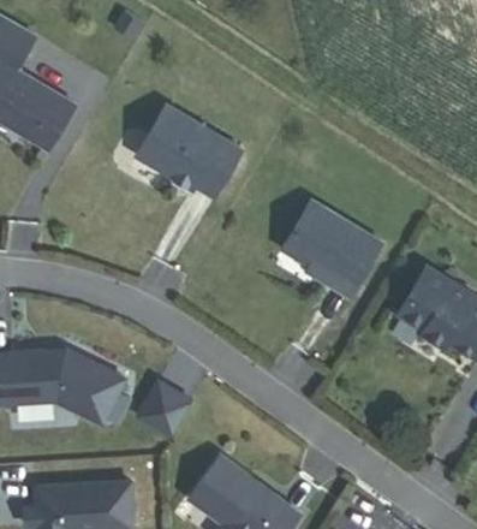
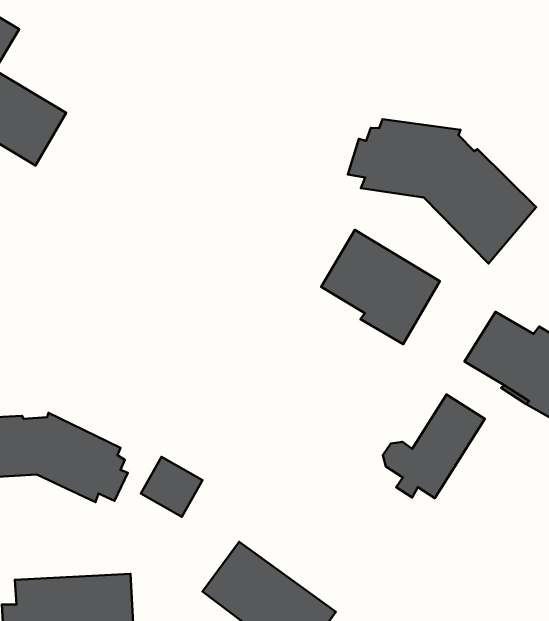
building: [139,106,244,196] -> none
building: none -> [348,119,536,263]
building: none -> [383,395,485,498]

